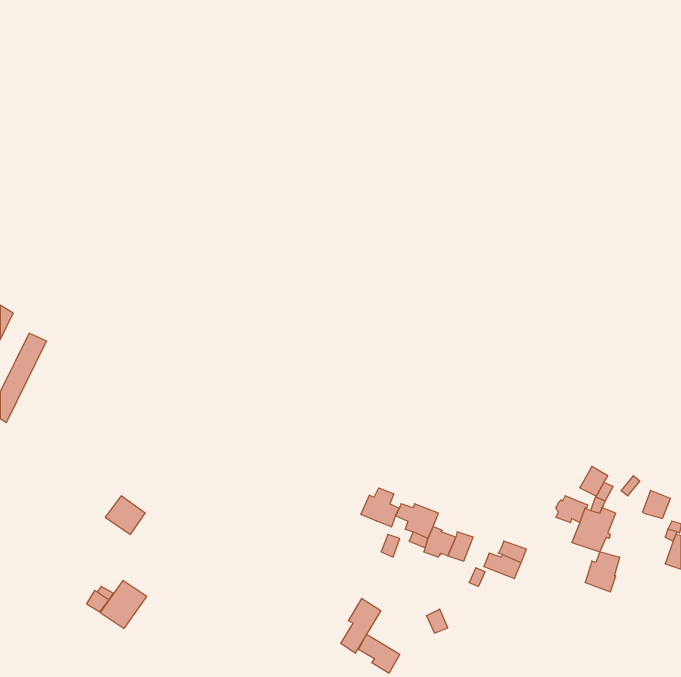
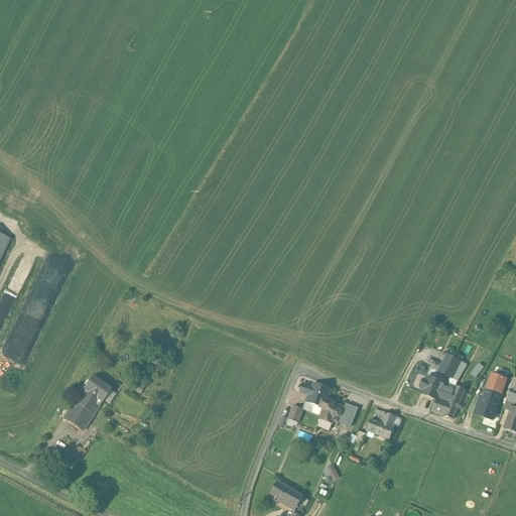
building: [361,488,399,527] -> none
building: [585,552,620,592] -> [476,388,502,418]
building: [100,581,147,629] -> [63,392,99,428]
building: [341,598,381,653] -> none

